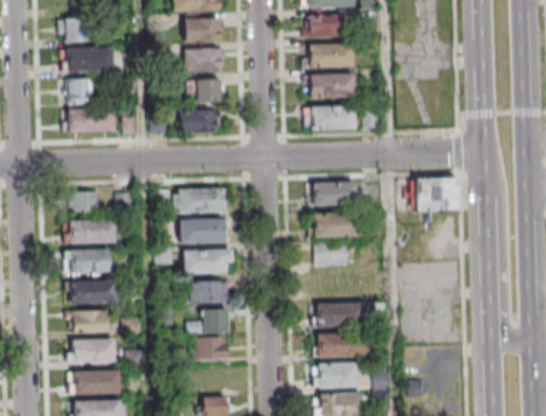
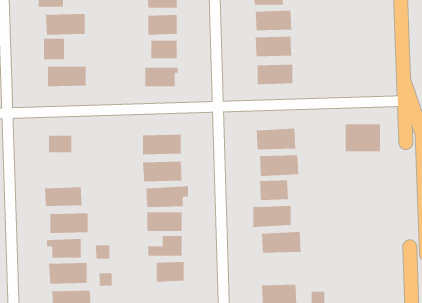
building: [69,220,116,244] -> none
building: [319,334,365,359] -> [252,206,292,227]

